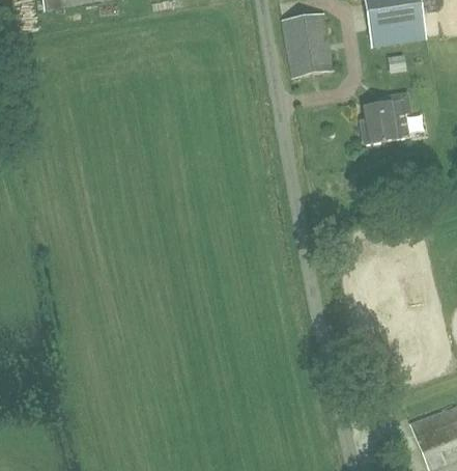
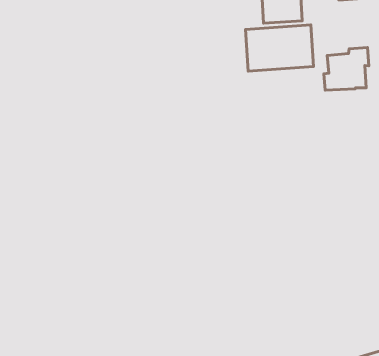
building: none -> [246,25,313,71]

